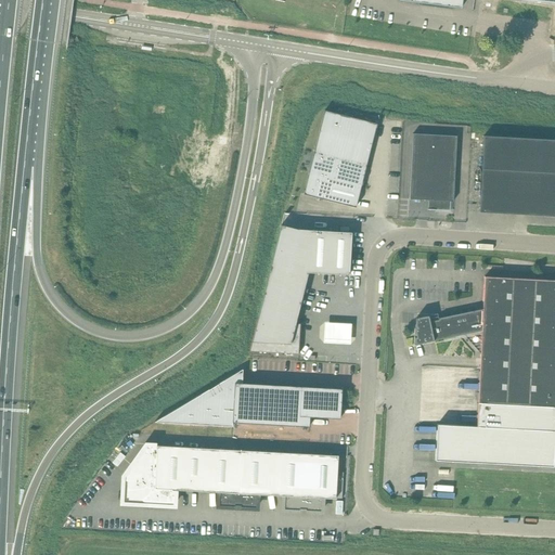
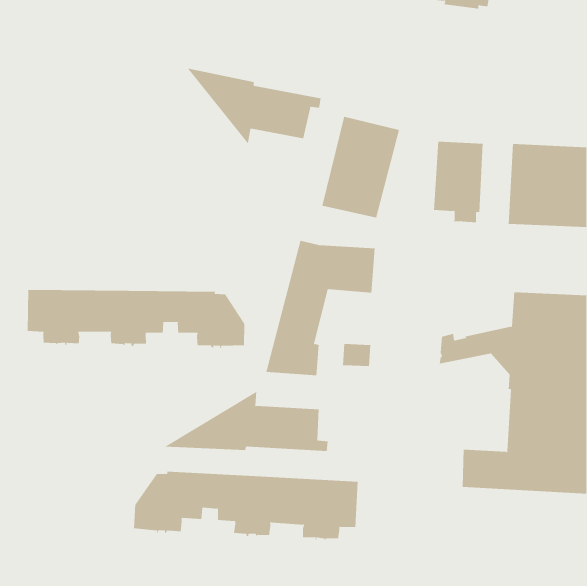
building: none -> [186,67,321,145]
building: none -> [27,289,245,349]
building: [300,386,341,417] -> none

